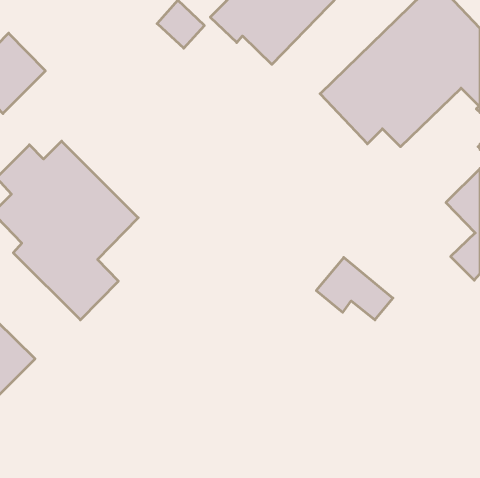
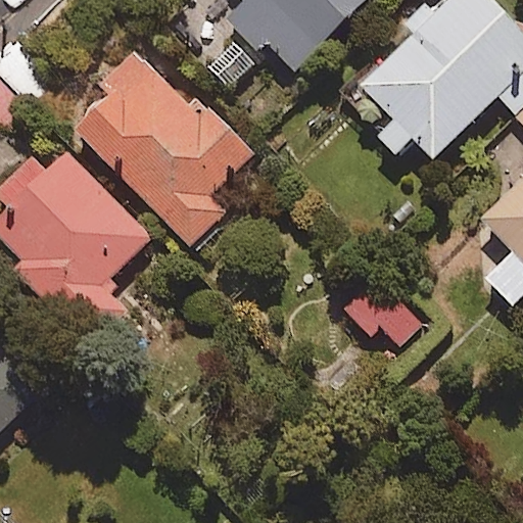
building: none -> [76,50,251,244]

